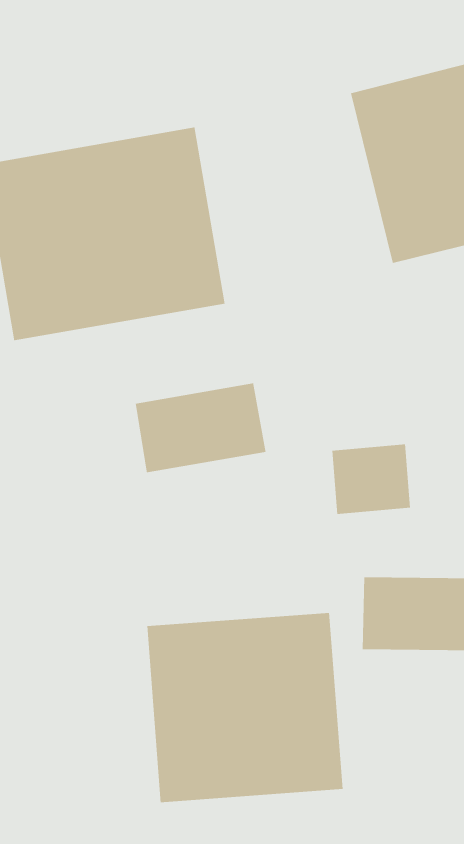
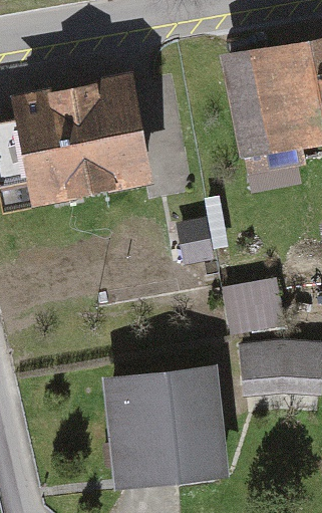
building: [135,382,266,473] -> none

